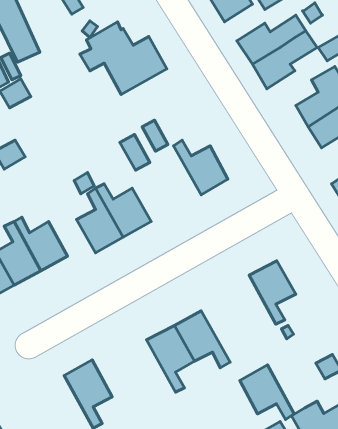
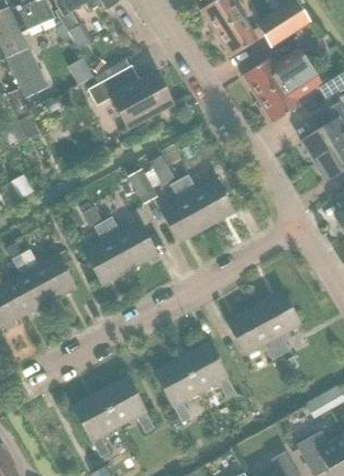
building: none -> [160,180,207,243]
building: none -> [99,376,154,432]
building: [240,365,294,420] -> [226,307,280,361]

